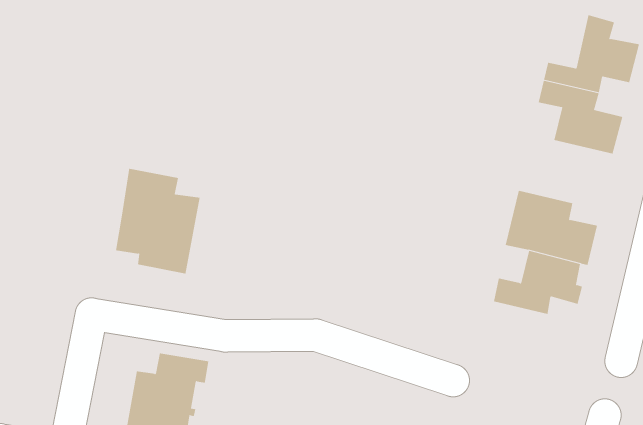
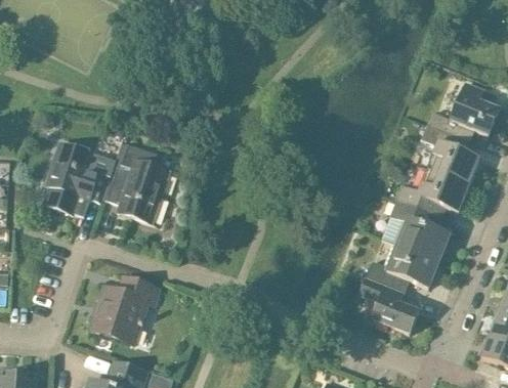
building: none -> [396,167,468,214]
building: none -> [44,143,111,216]
building: none -> [359,275,419,332]

